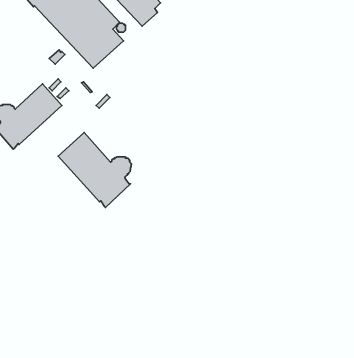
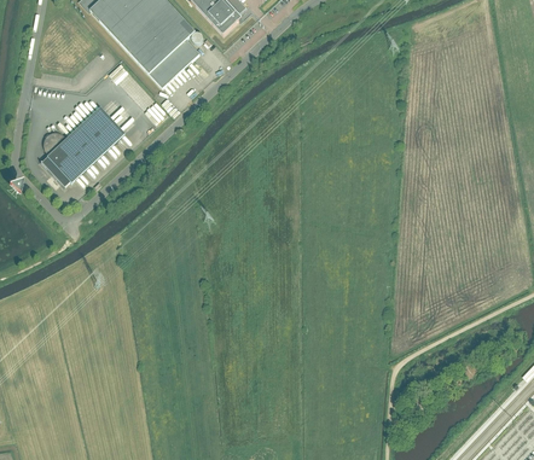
building: [58,132,131,208] -> none

